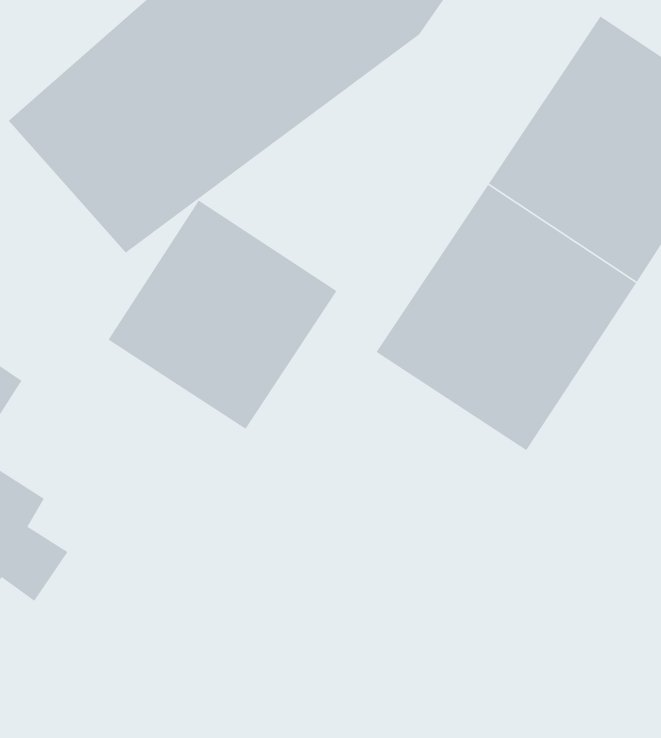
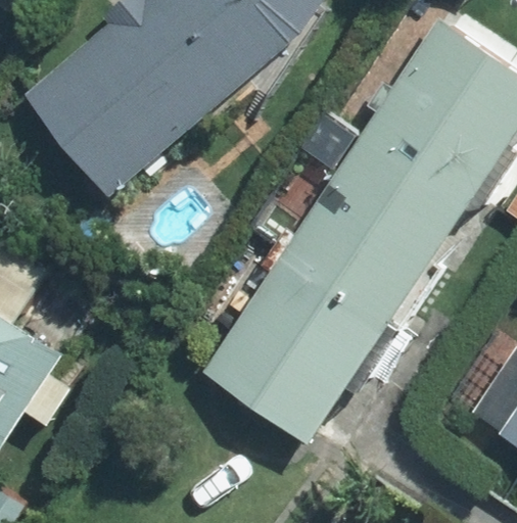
building: [108,199,337,430] -> none
building: none -> [204,254,385,439]

